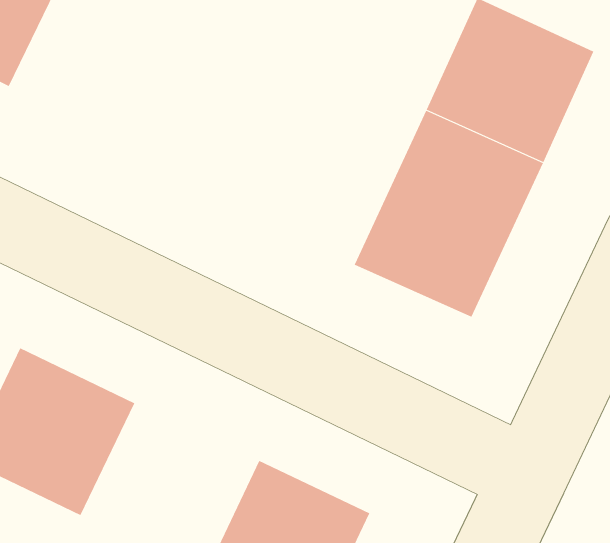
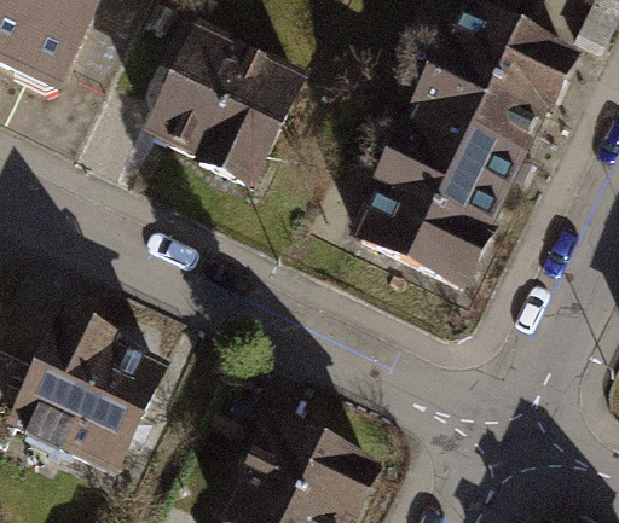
building: none -> [151,28,300,178]

